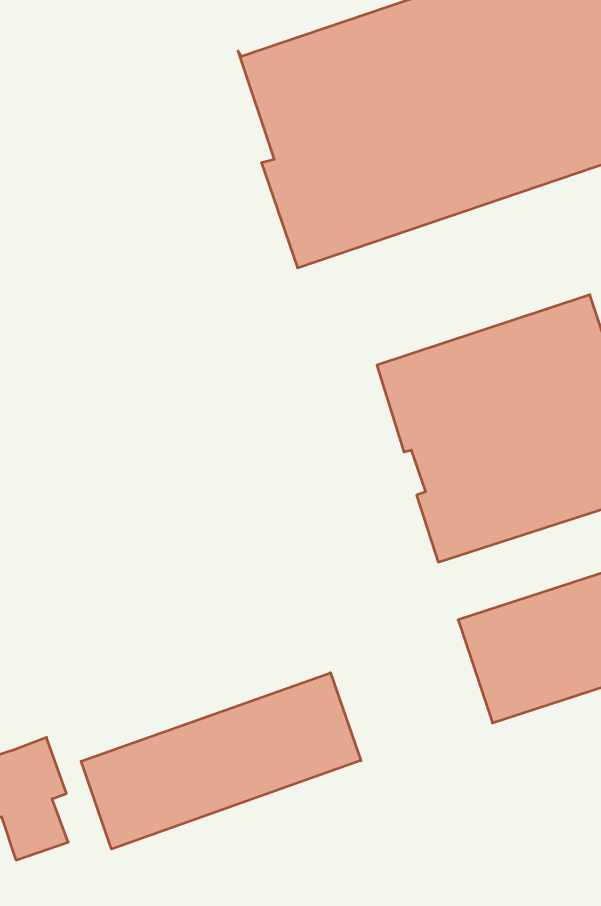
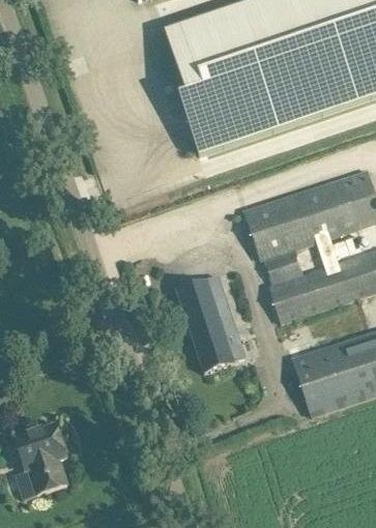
building: none -> [176,275,245,374]
building: [81,673,361,849] -> none

